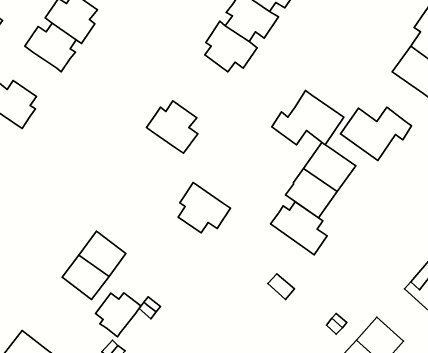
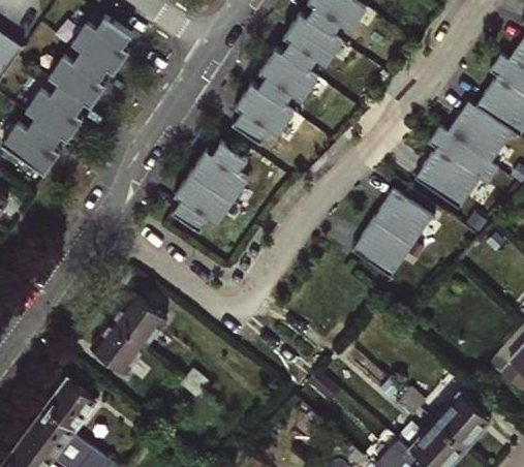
building: none -> [233,84,295,144]
building: none -> [25,85,85,141]
building: [272,91,344,145] -> [429,102,513,165]
building: [178,182,230,233] -> [172,173,233,231]
building: [271,202,327,255] -> none
building: [95,293,141,337] -> none
building: none -> [44,380,95,431]

